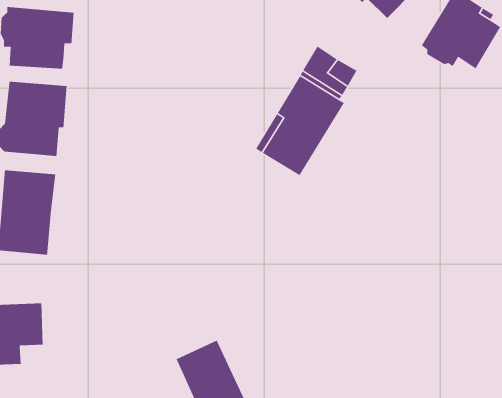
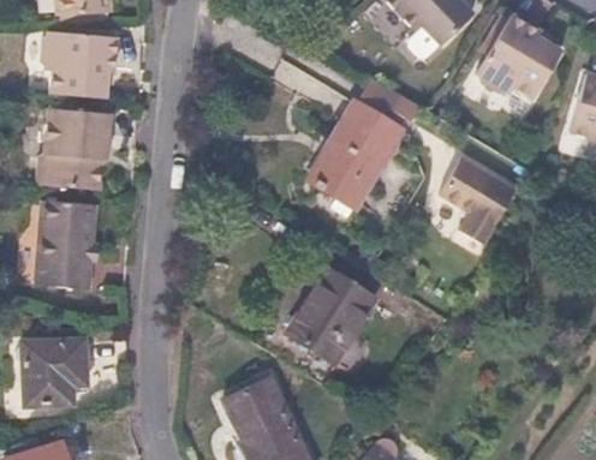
building: none -> [439,156,514,244]
building: none -> [288,269,374,362]

